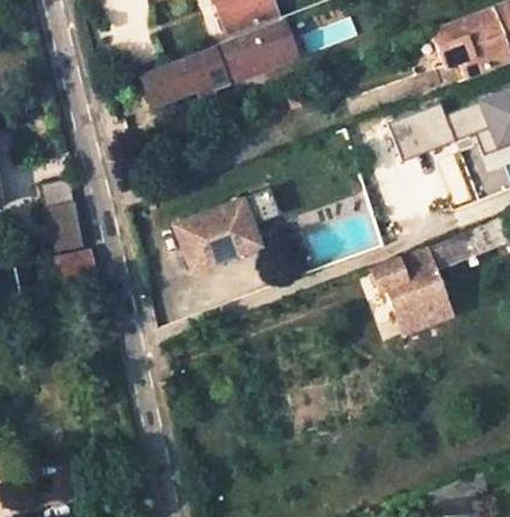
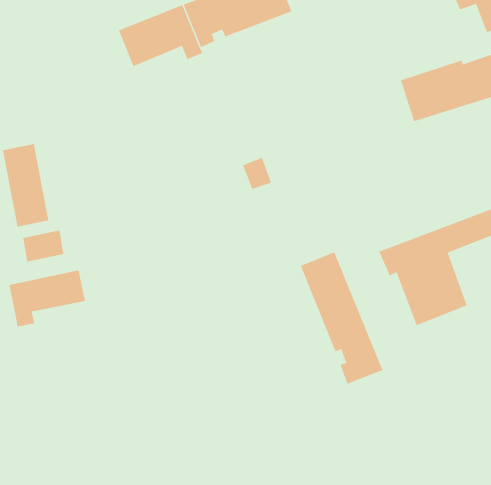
building: [161,198,260,276] -> none
building: none -> [300,252,383,384]
building: none -> [9,270,85,327]

